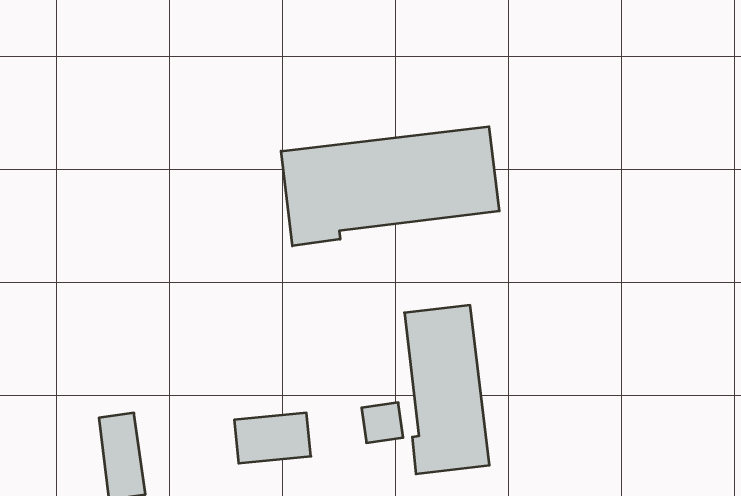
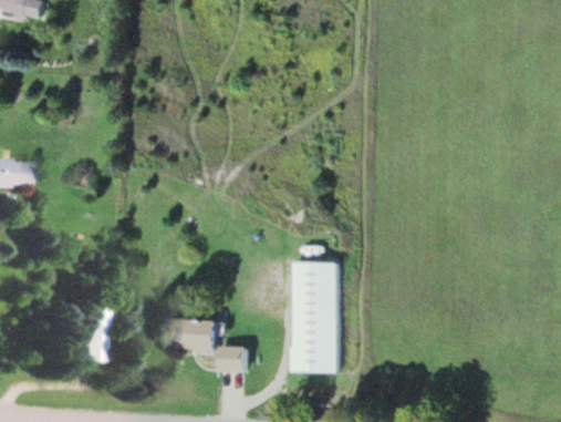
building: [281,127,499,246] -> none
building: [362,403,403,443] -> [221,348,247,372]

